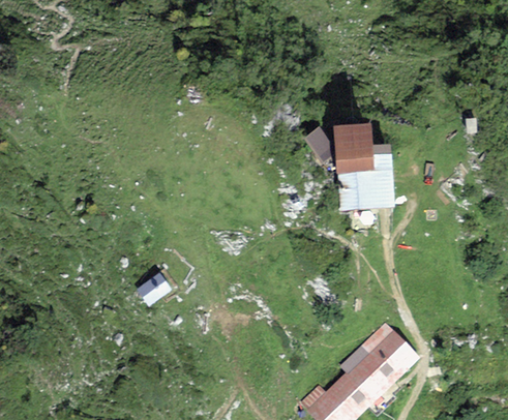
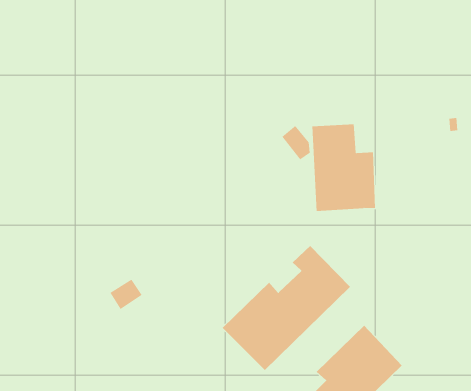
building: none -> [222,245,351,371]

